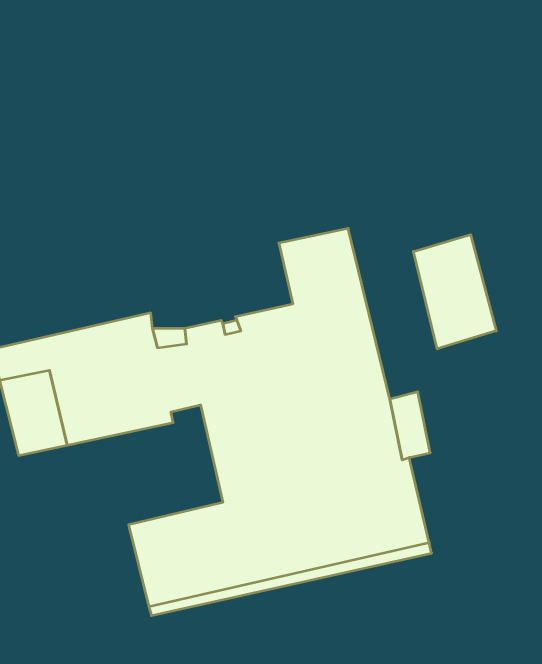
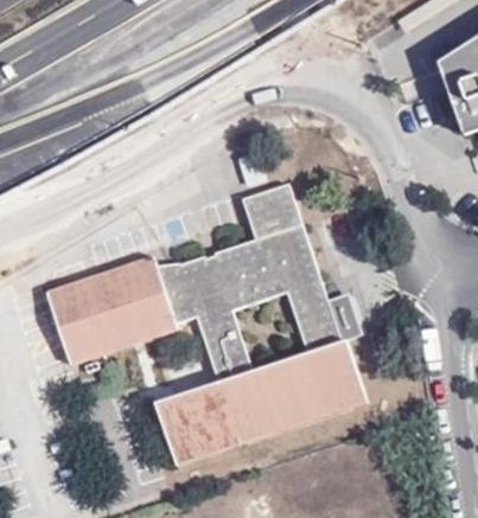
building: [413,235,496,349] -> none

